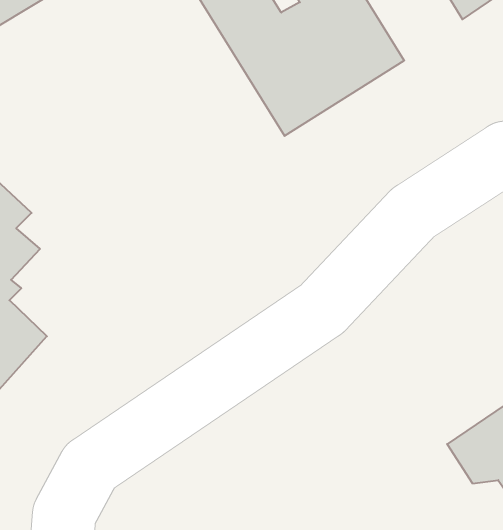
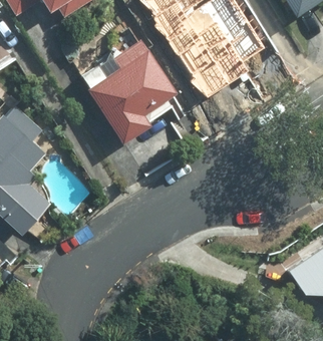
building: none -> [84,40,179,142]

